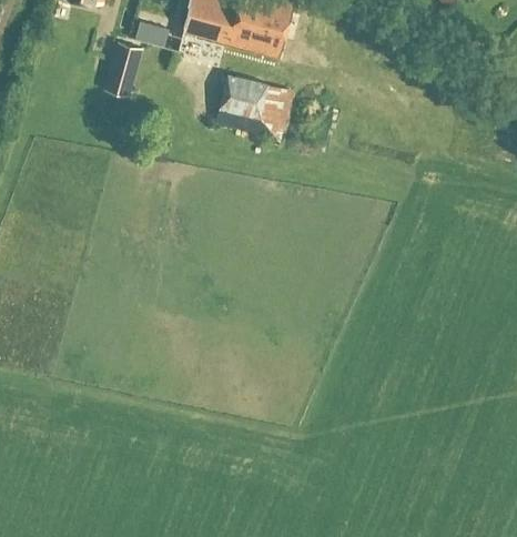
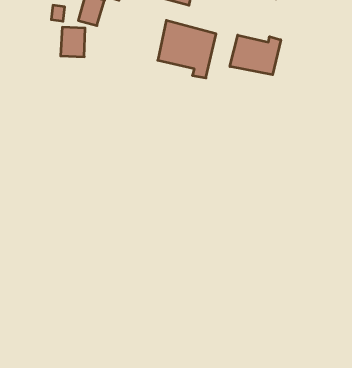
building: none -> [230,35,281,75]

